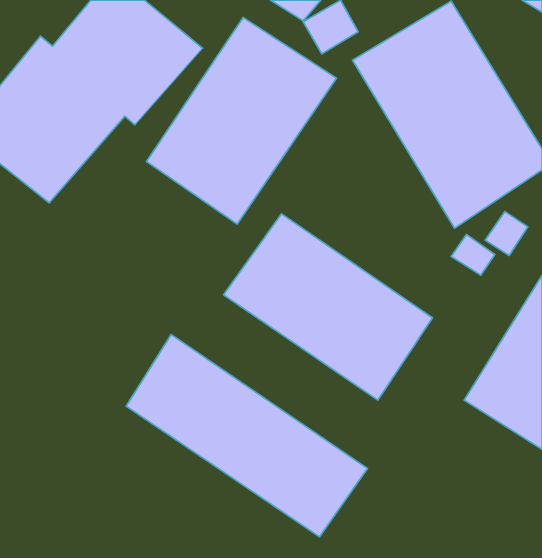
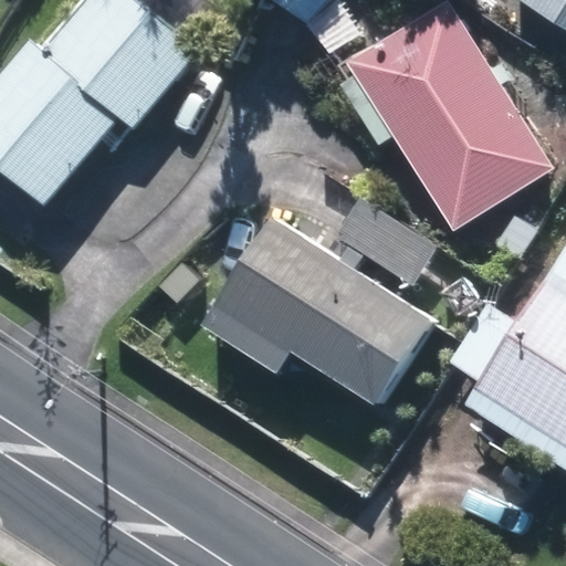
building: [147,17,336,224] -> none
building: [126,335,367,537] -> none

